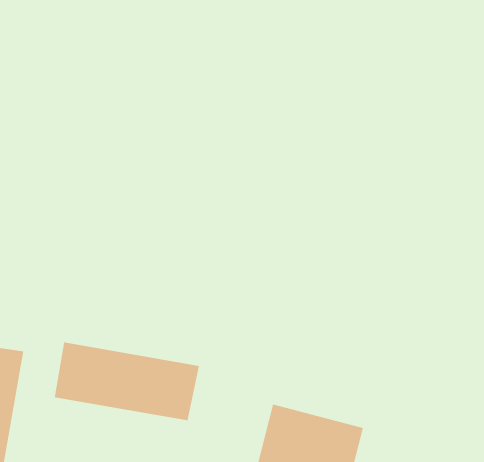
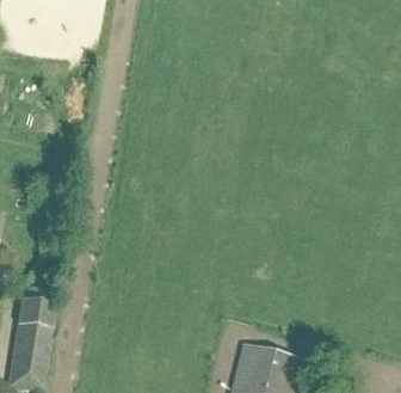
building: [54,342,200,421] -> none

